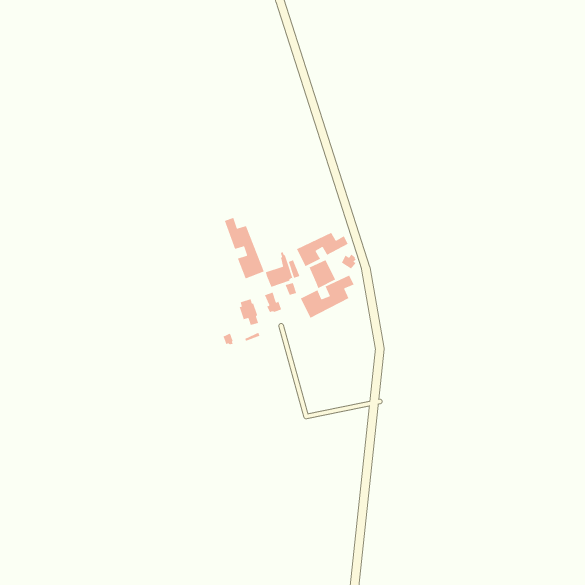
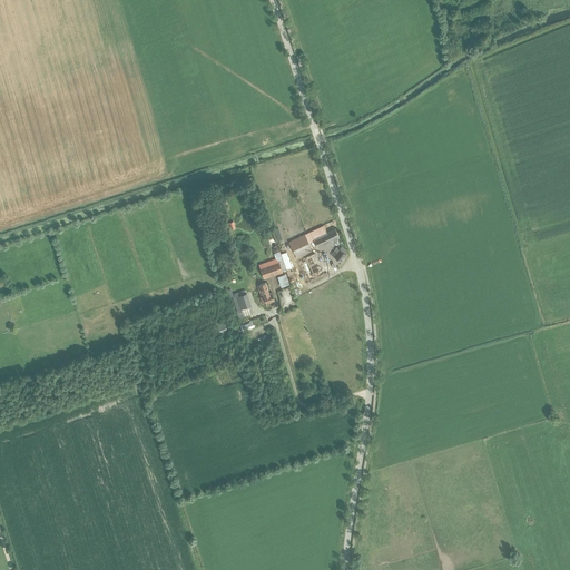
building: [224,217,265,279] -> none
building: [300,274,355,319] -> none

